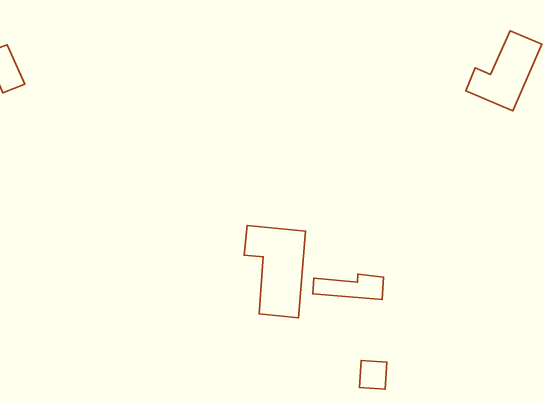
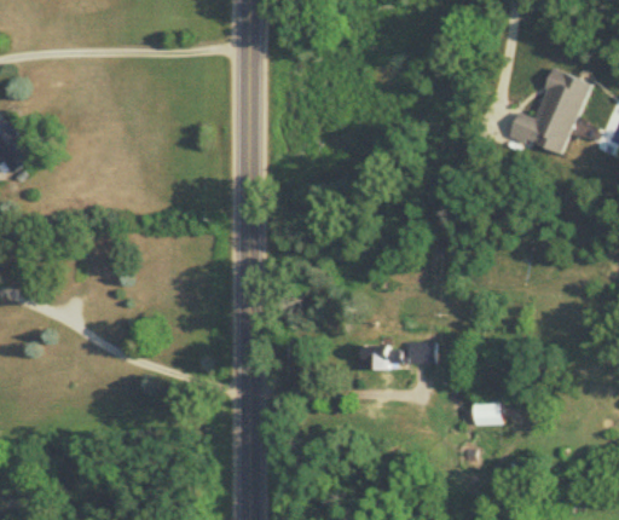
building: [244,226,306,318] -> none
building: [359,360,387,389] -> [473,397,501,426]

